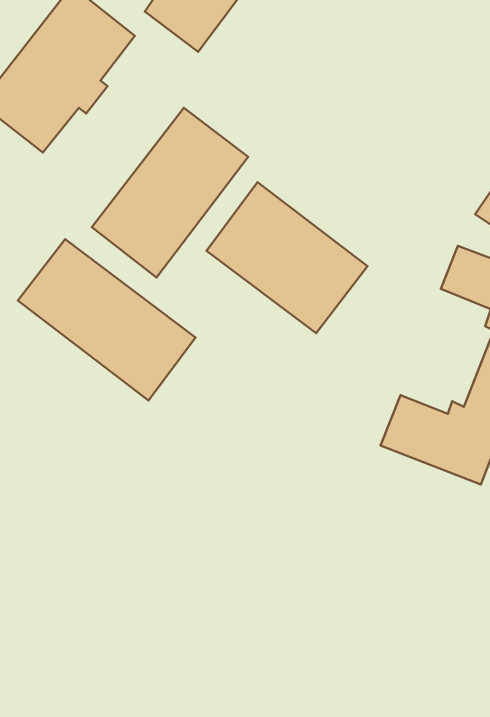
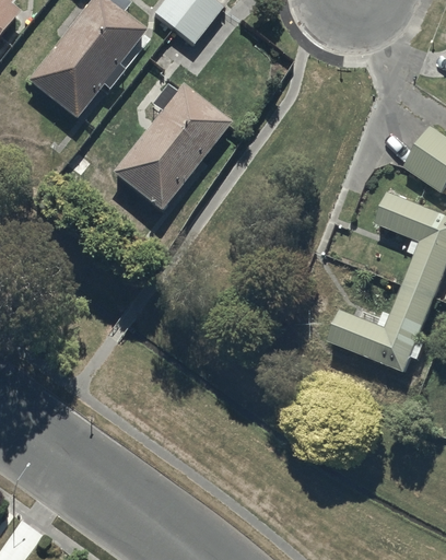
building: [206,182,368,333] -> none
building: [18,239,195,400] -> none

